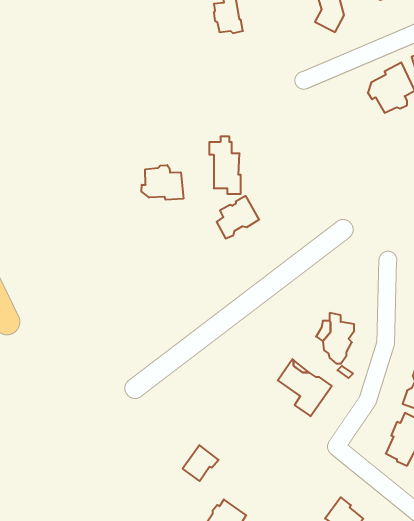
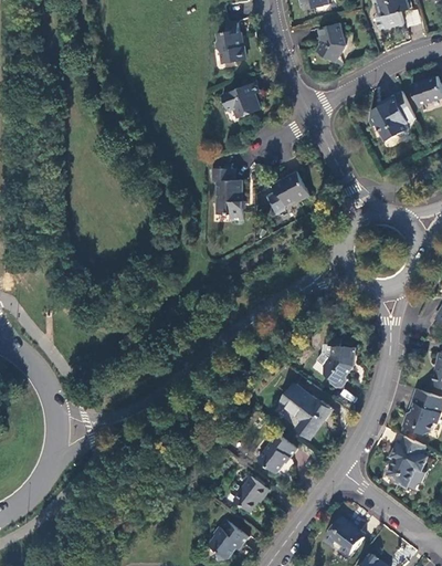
building: none -> [221,83,260,118]
building: [141,165,183,200] -> none
building: [217,196,259,239] -> [267,171,309,213]
building: none -> [257,434,295,473]
building: [183,445,219,481] -> [233,476,269,512]

